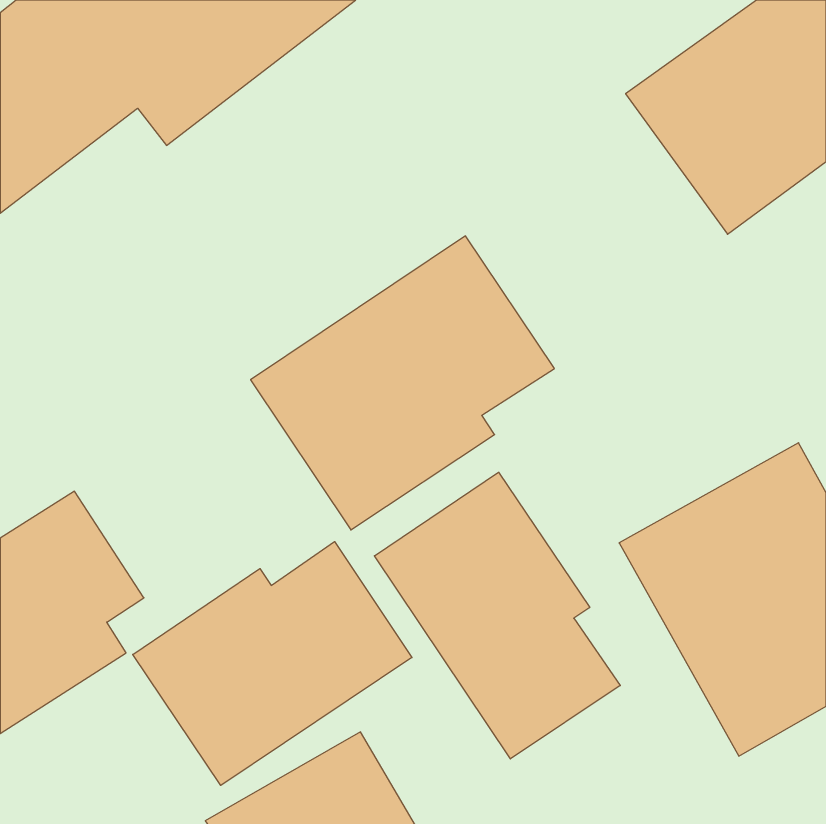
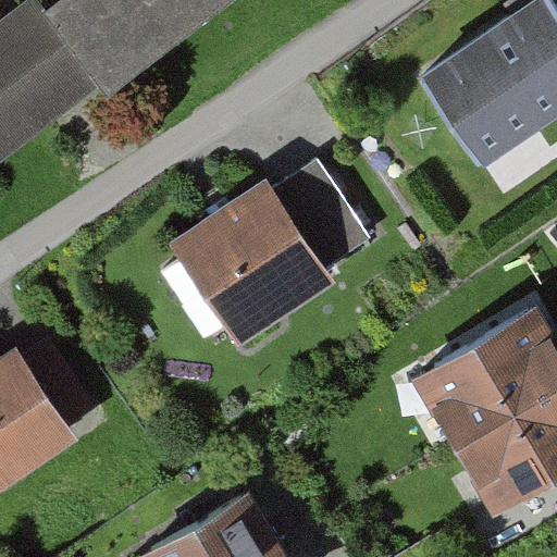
building: [374,472,620,759] -> none
building: [133,542,412,785] -> none

